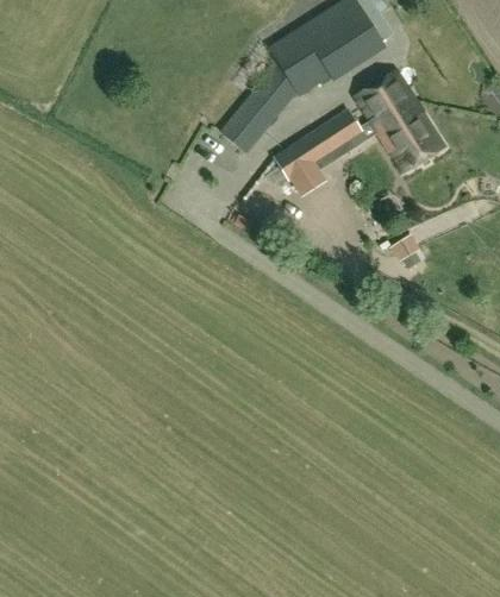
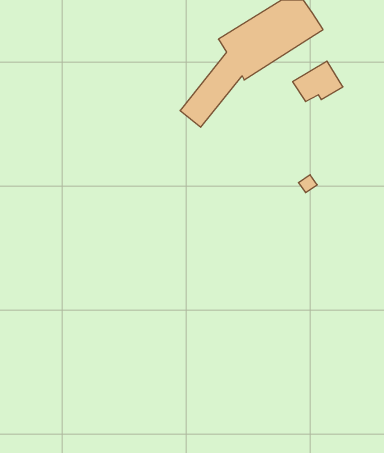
building: [373,105,446,175] -> none
building: [275,112,363,183] -> none

